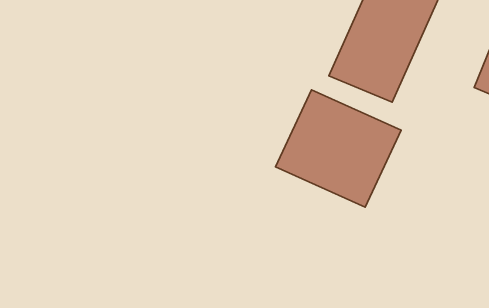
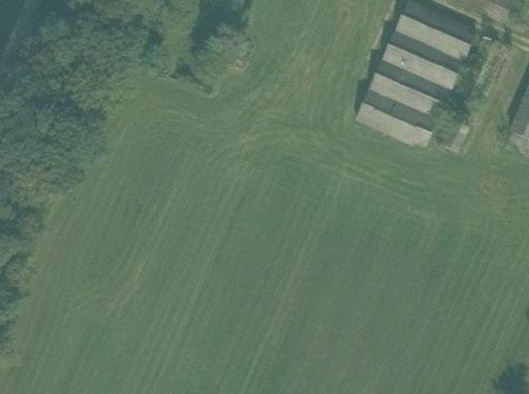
building: [276,90,401,207] -> none

